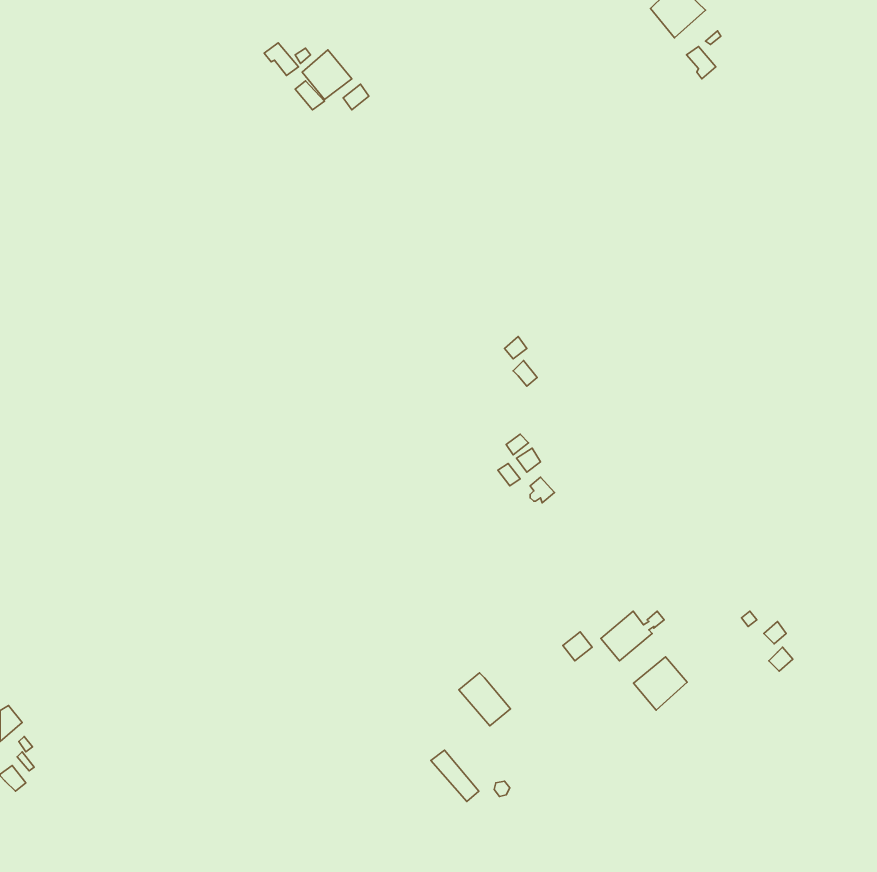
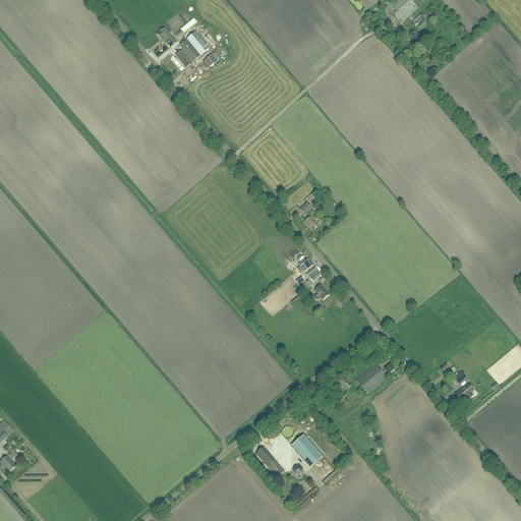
building: [633,657,687,710] -> none
building: [459,673,510,726] -> [292,433,323,465]

